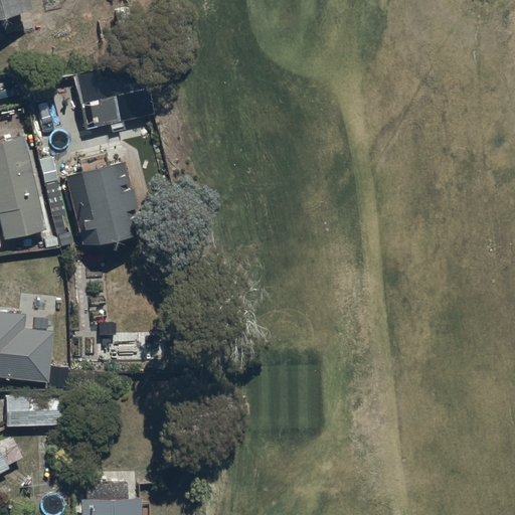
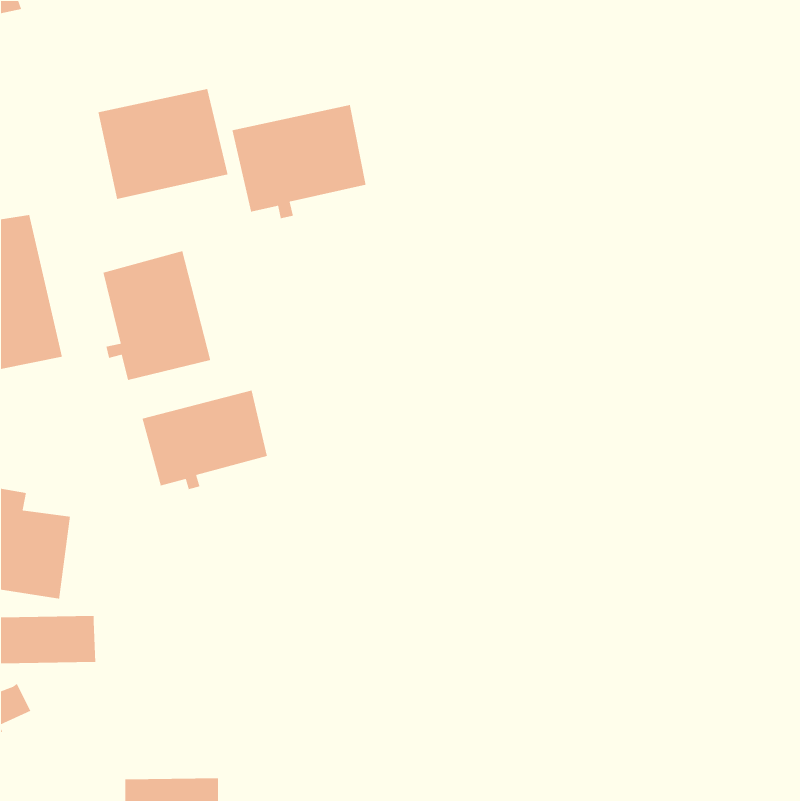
building: none -> [232,104,366,219]
building: none -> [141,390,268,490]

